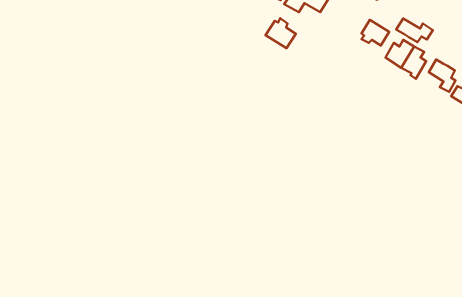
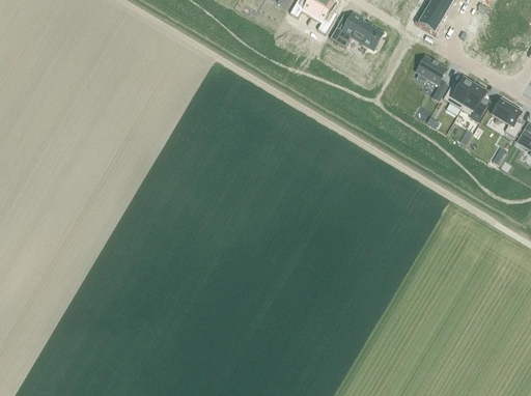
building: [266,18,296,48] -> none
building: [396,19,433,42] -> none

